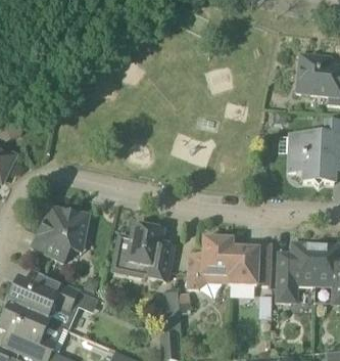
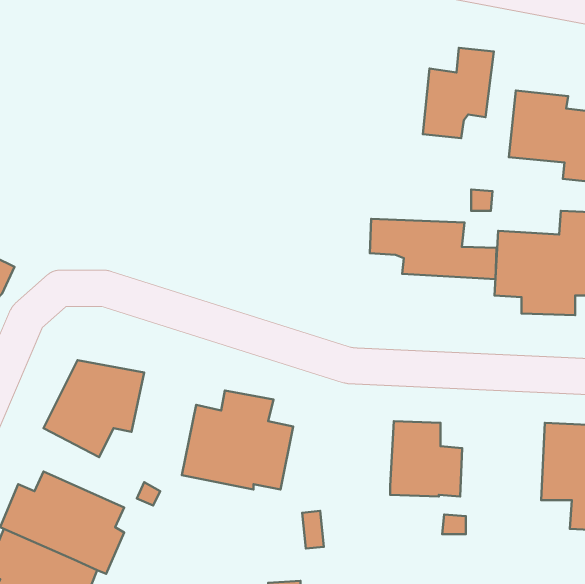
building: none -> [423,48,494,138]
building: none -> [370,219,497,279]
building: [188,238,231,287] -> none
building: [276,241,317,302] -> none

